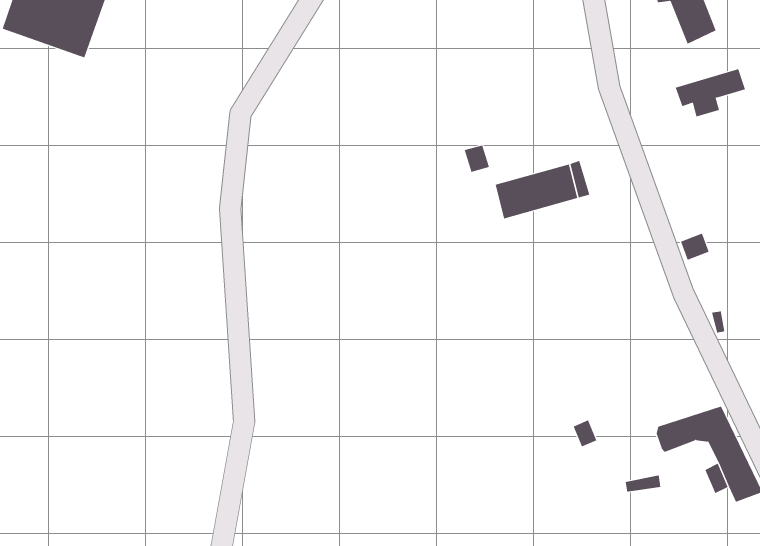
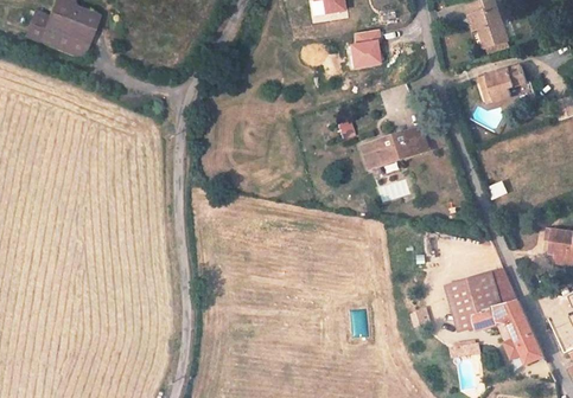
building: none -> [351,28,382,66]
building: none -> [446,270,515,330]

